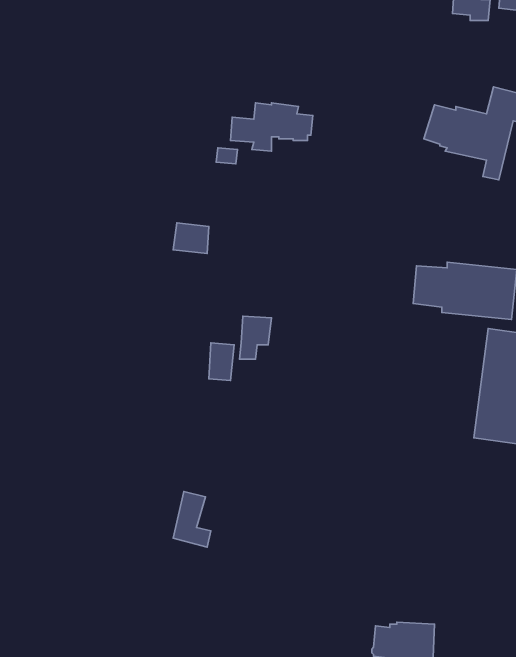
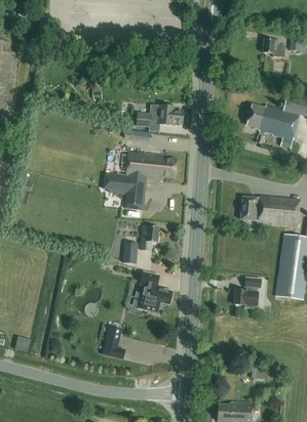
building: none -> [124,150,177,209]
building: none -> [139,271,172,310]
building: none -> [234,278,261,308]

